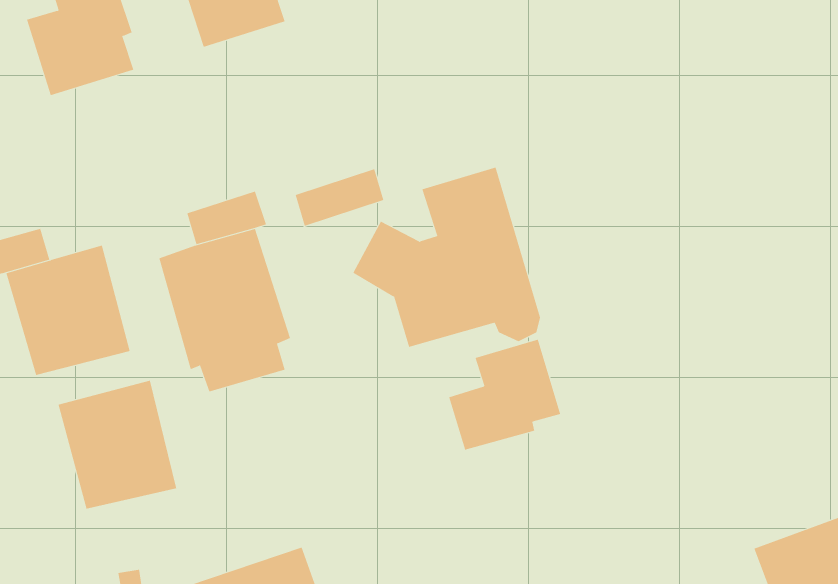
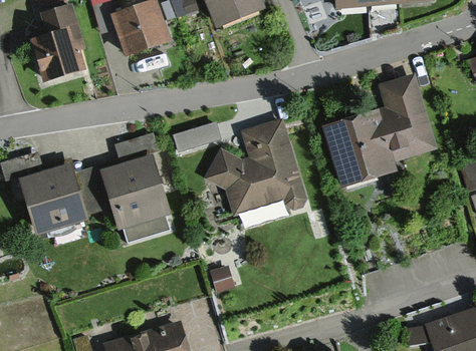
building: none -> [324,70,437,192]
building: [449,339,561,451] -> none
building: [58,380,177,509] -> none

